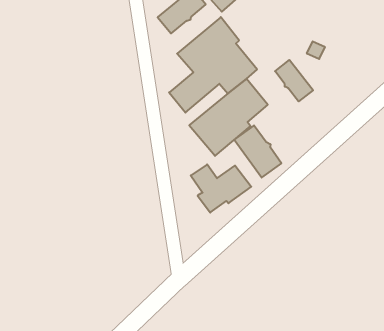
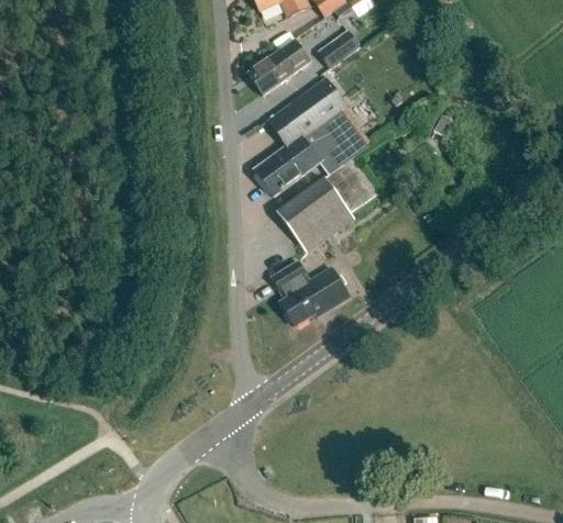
building: [275,60,313,101] -> none
building: [234,125,281,178] -> none

